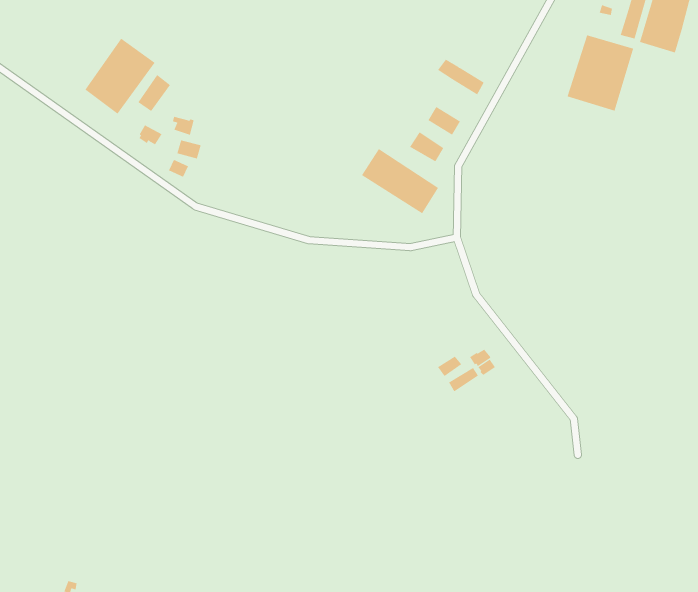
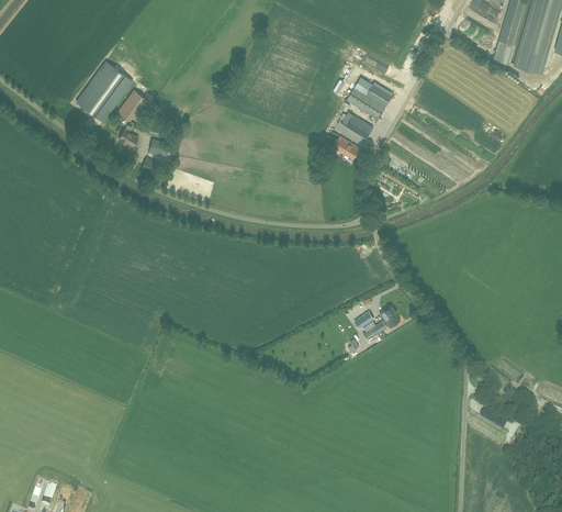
building: [567,35,634,112] -> none
building: none -> [346,87,384,122]
building: [361,148,439,214] -> none

